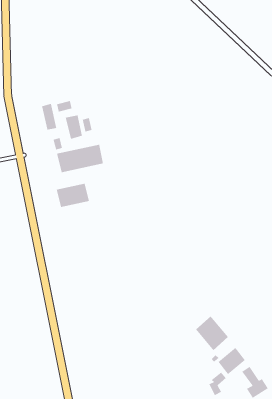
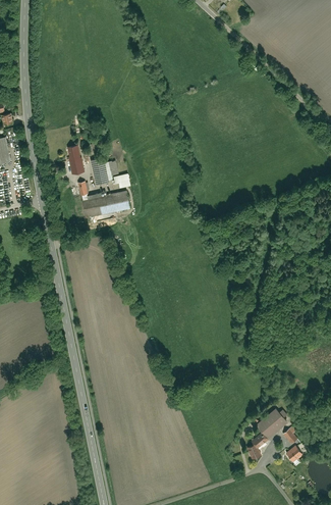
building: [56,183,90,208] -> none
building: [195,315,229,351] -> none

